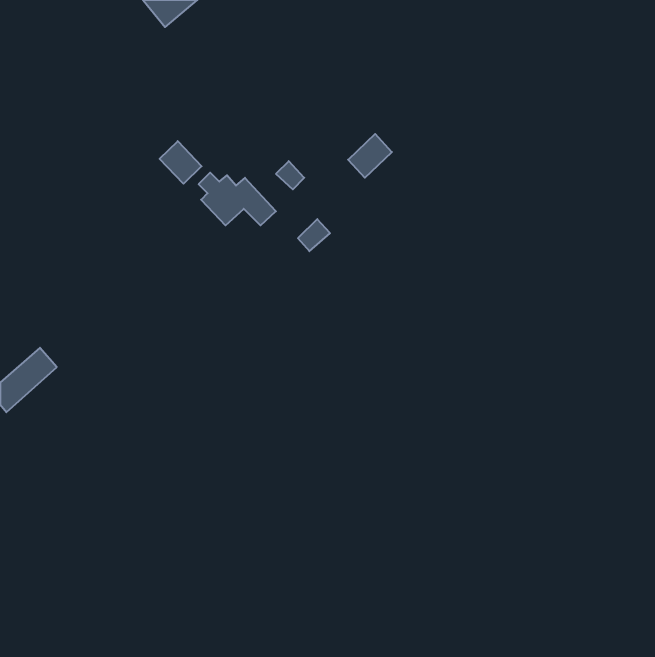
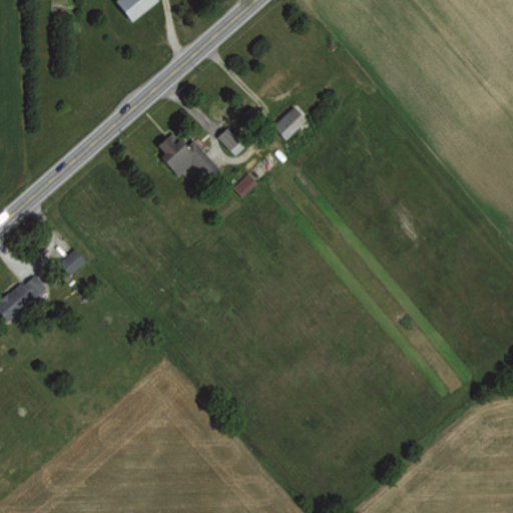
building: [160,141,202,184] -> none
building: none -> [56,248,87,280]

